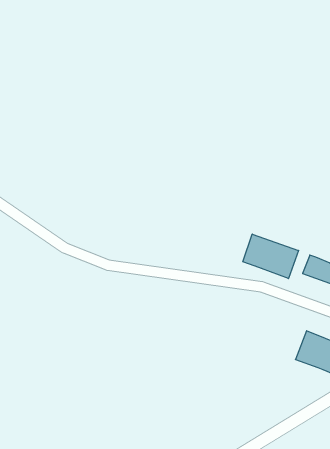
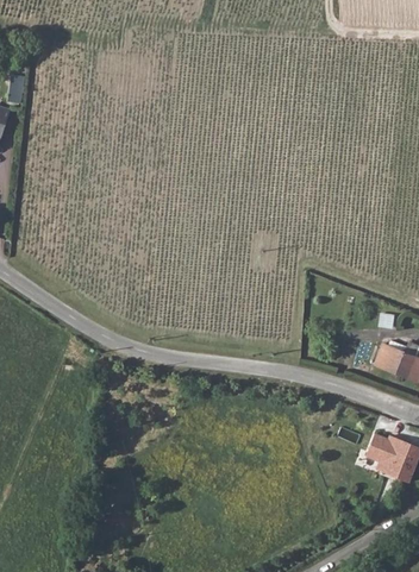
building: [243,234,299,279] -> none

